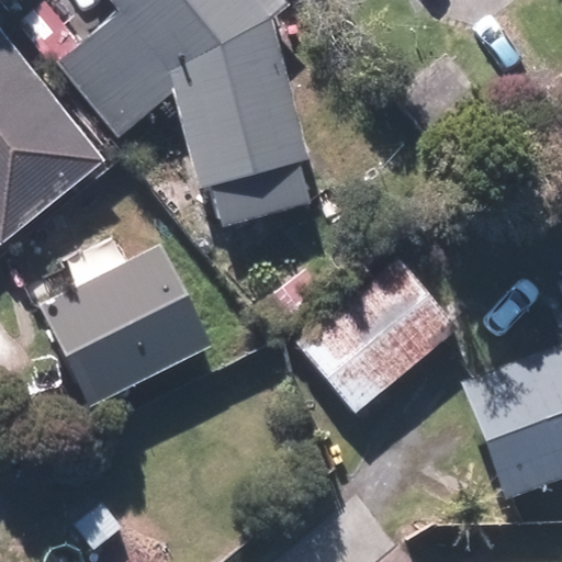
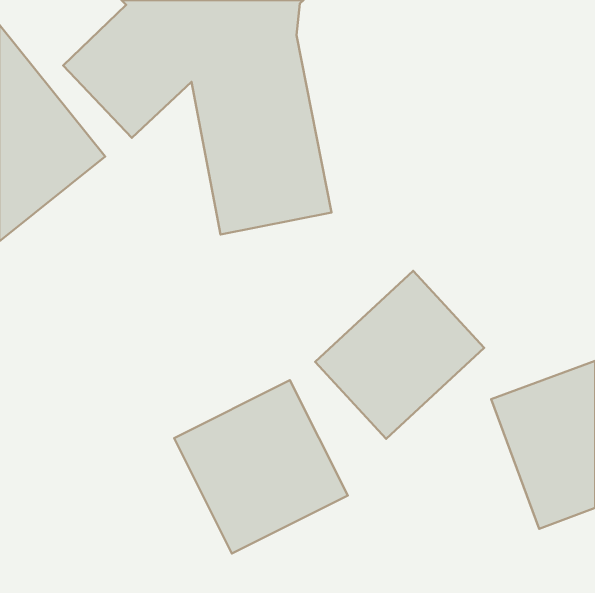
building: [40,240,215,407] -> none
building: none -> [174,380,348,553]

